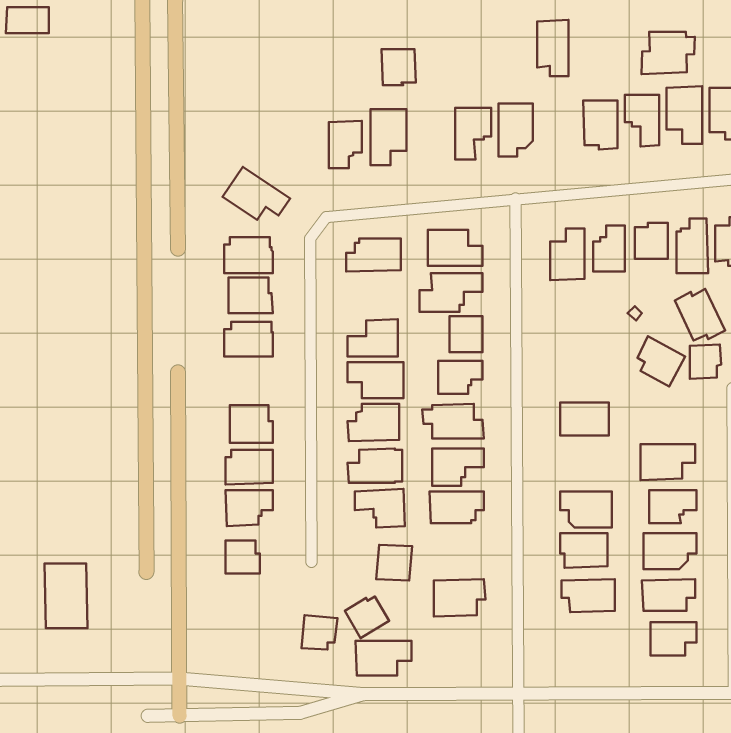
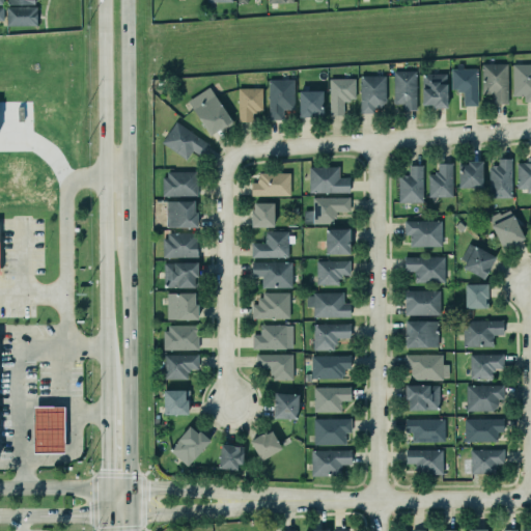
building: [537,20,569,76] -> [395,71,418,111]
building: [641,32,695,74] -> none
building: [381,49,416,85] -> [300,91,325,117]
building: none -> [188,86,235,136]
building: none -> [252,203,276,227]
building: none -> [406,221,444,247]
building: [690,344,721,379] -> [467,284,490,309]
building: none -> [406,257,446,283]
building: none -> [165,263,199,287]
building: none -> [407,322,440,348]
building: none -> [315,388,352,413]
building: none -> [170,427,212,468]
building: none -> [408,450,444,475]
building: [356,641,412,675] -> [312,451,353,476]

